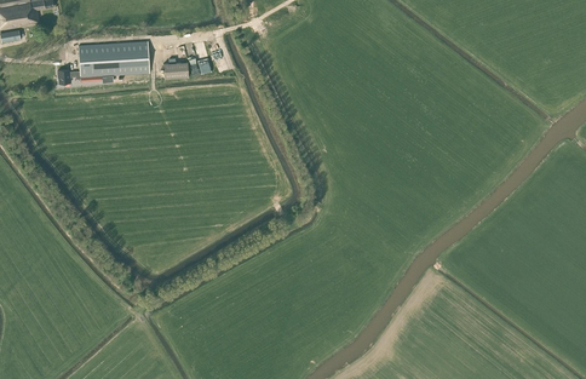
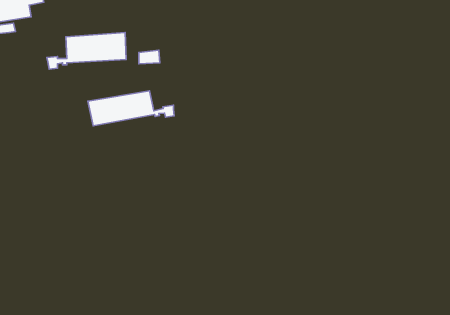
building: none -> [88,91,174,126]

